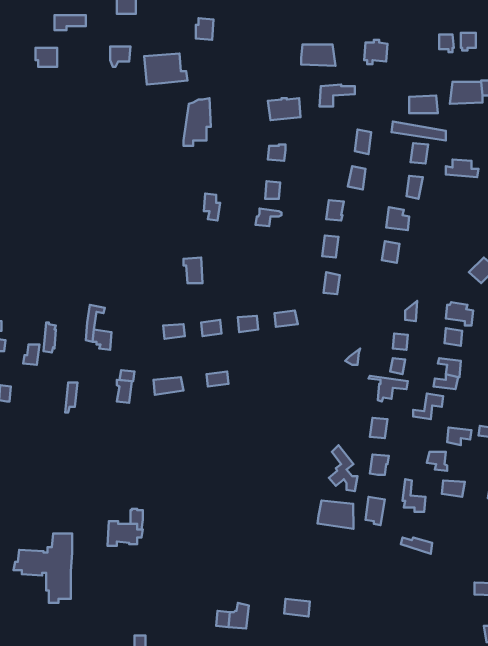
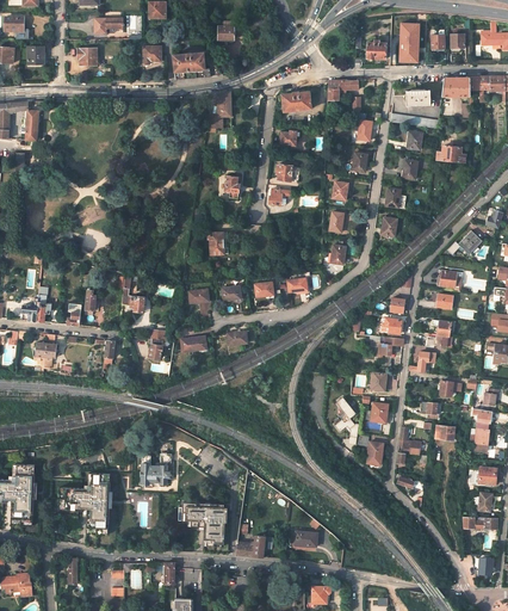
building: none -> [399,26,417,57]
building: [301,44,335,66] -> none
building: [318,501,354,529] -> none
building: none -> [182,502,228,545]

